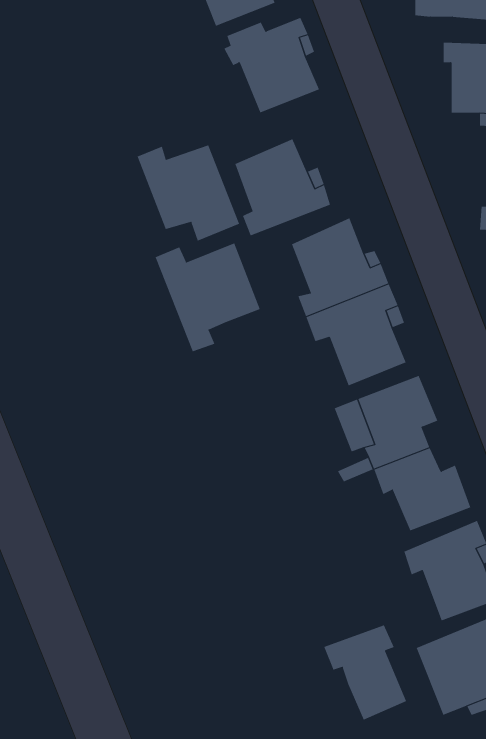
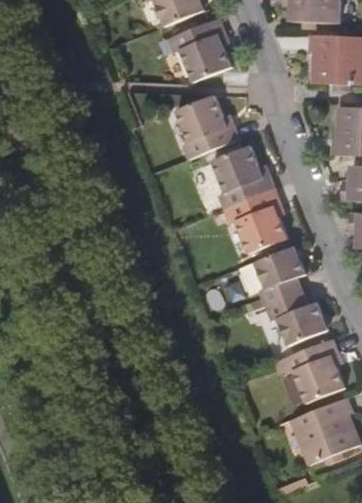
building: [137,144,240,241] -> none
building: [155,242,261,352] -> none
building: [324,624,407,720] -> none

